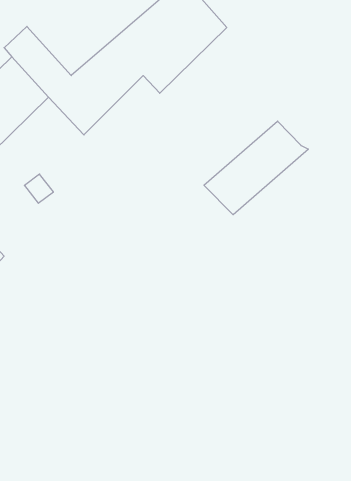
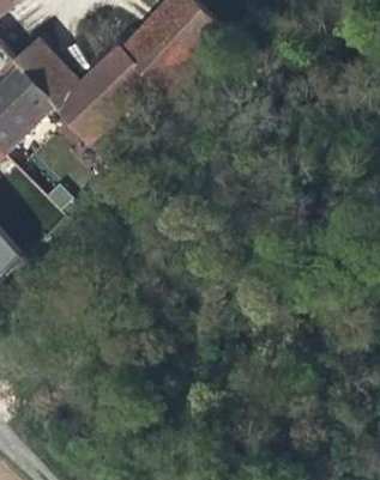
building: [204,121,308,215] -> none

